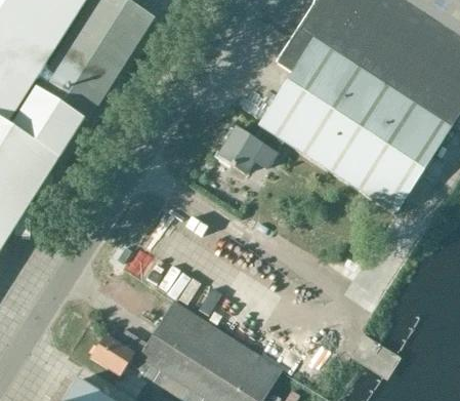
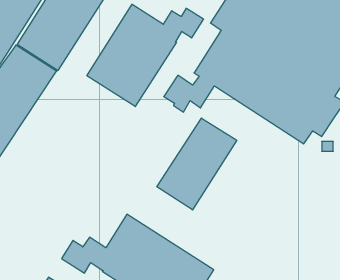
building: none -> [87,4,203,107]
building: none -> [157,118,237,210]

